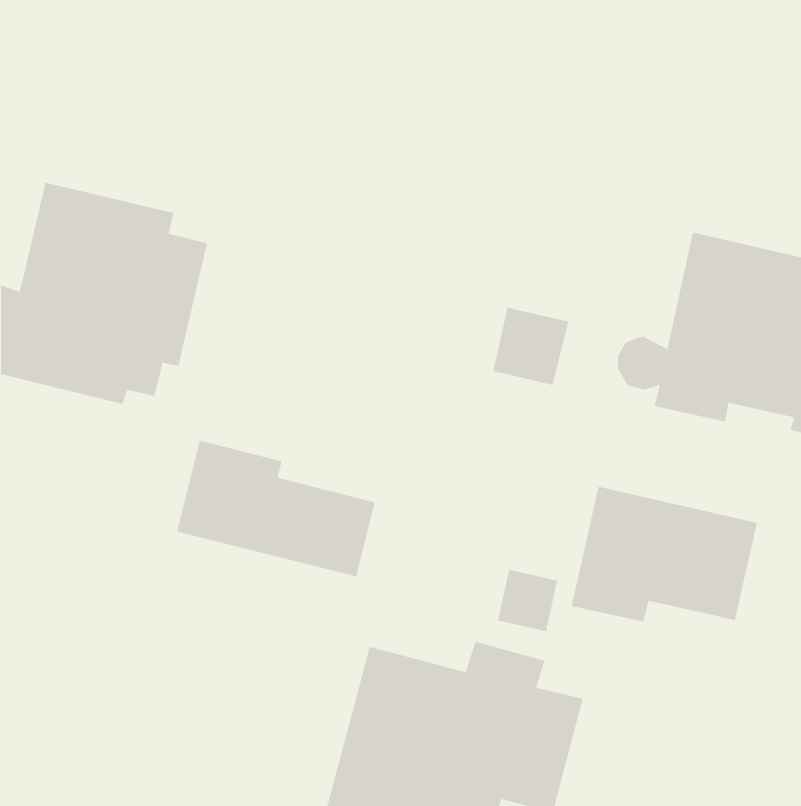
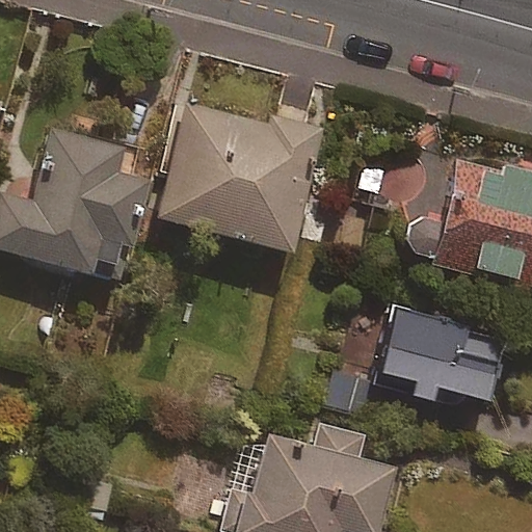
building: none -> [159,105,319,250]
building: [176,440,375,577] -> none

